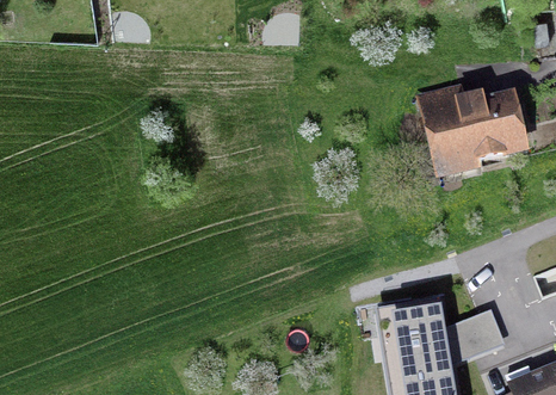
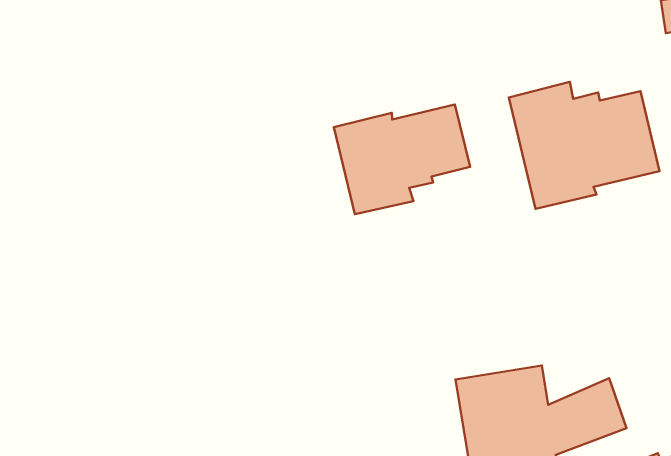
building: none -> [334,104,470,214]

